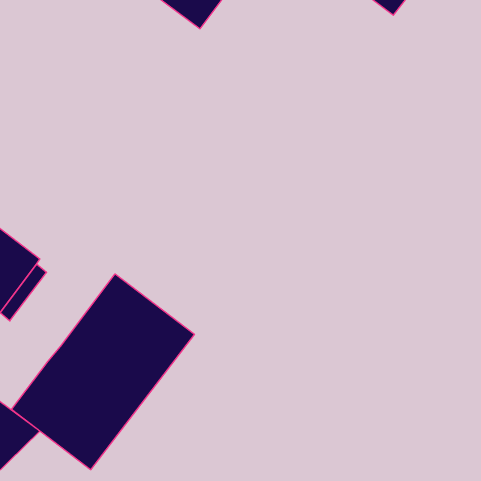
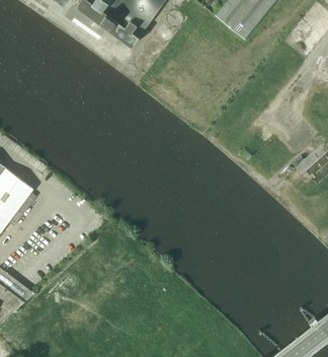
building: [12,274,194,470] -> none

